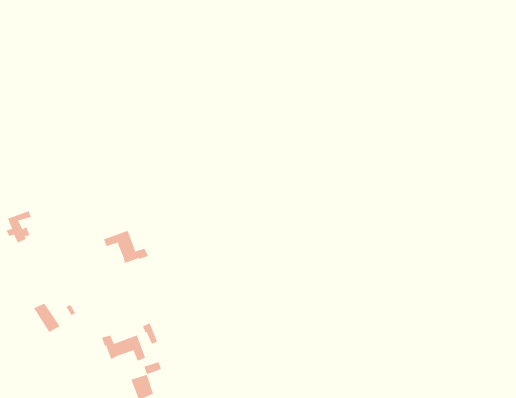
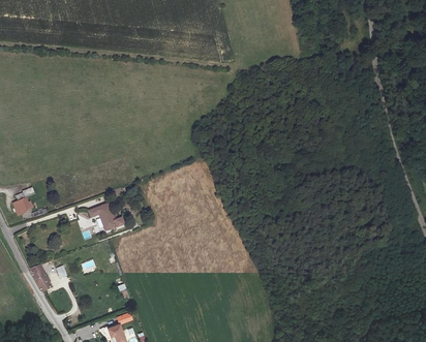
building: [101,335,146,362] -> none

